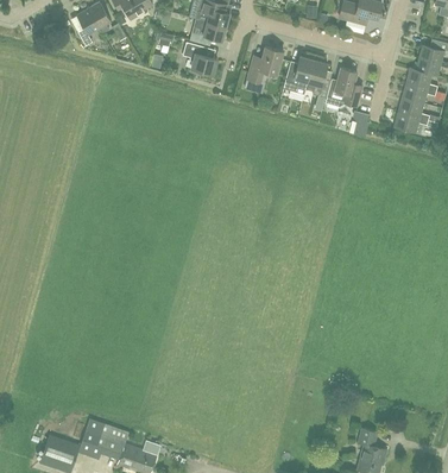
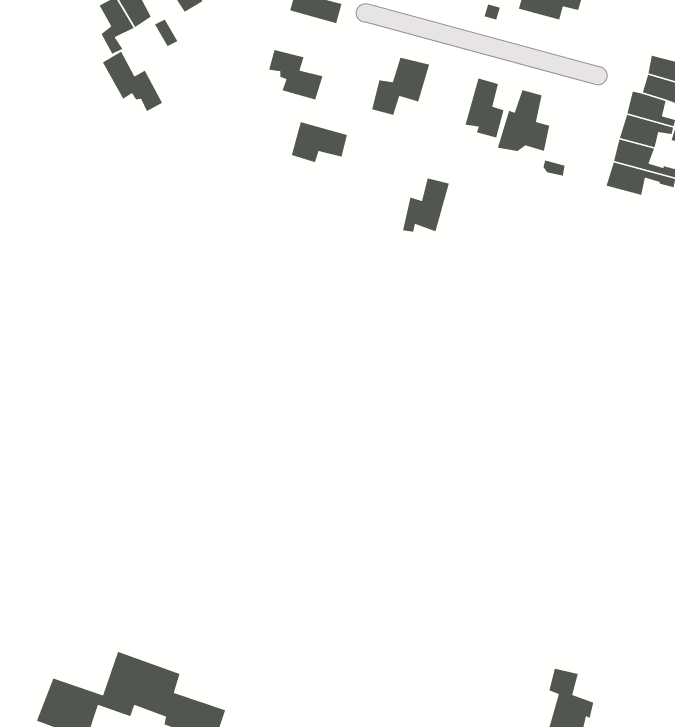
building: [190,18,226,44] -> [291,121,348,163]
building: none -> [102,50,163,112]
building: [284,56,314,90] -> [402,177,450,233]

